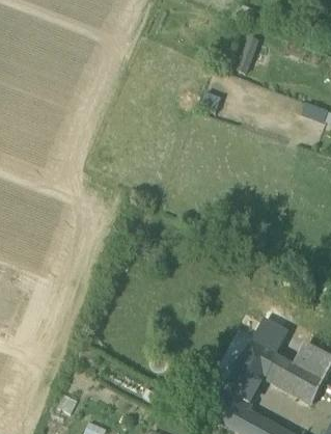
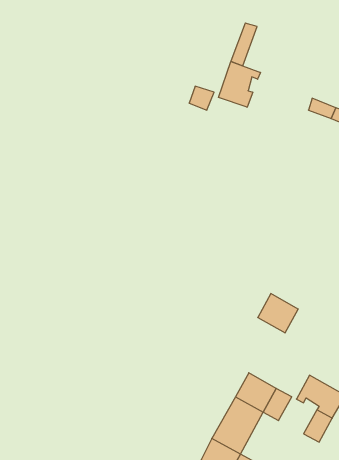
building: none -> [218,62,260,107]
building: [251,319,286,353] -> [258,294,298,333]
building: [277,360,312,392] -> none

